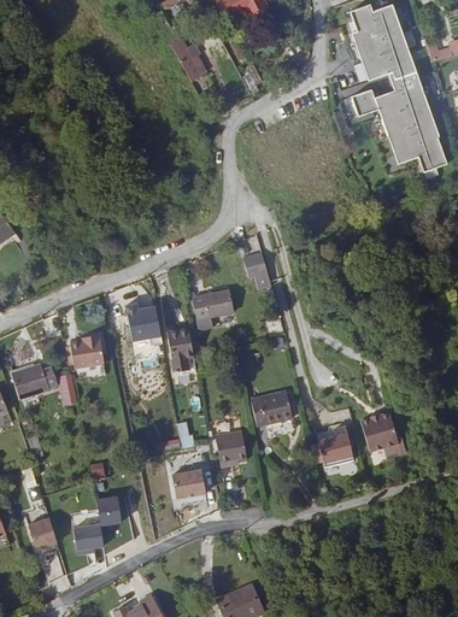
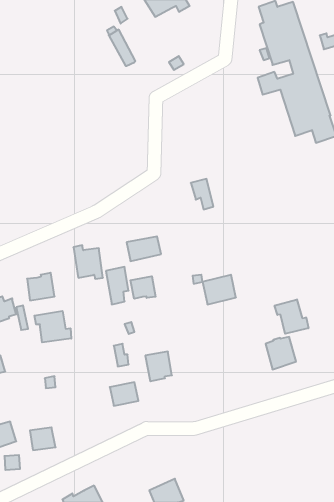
building: [243,251,271,288] -> [191,179,213,209]
building: none -> [130,276,156,299]
building: none -> [275,299,308,334]
building: none -> [34,311,71,342]
building: [251,389,292,425] -> [202,275,236,304]
building: [318,425,353,465] -> none
building: [96,494,123,523] -> none

